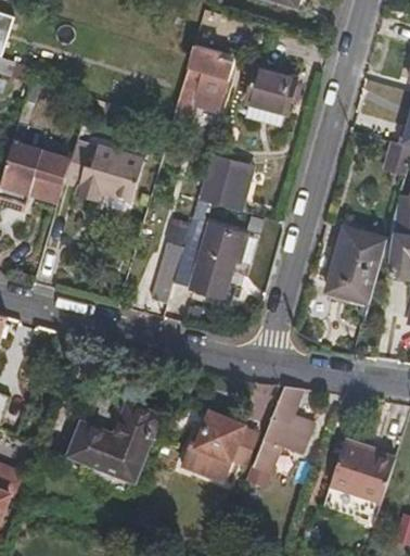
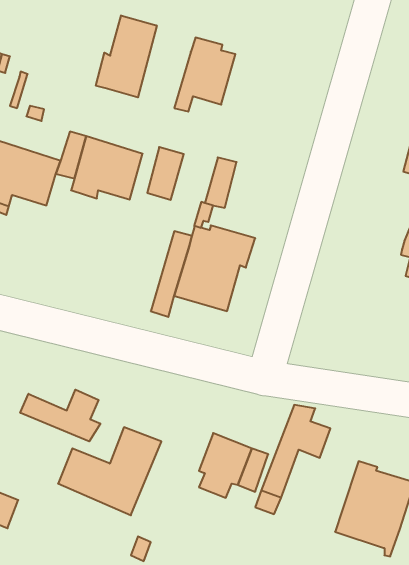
building: none -> [96,15,157,97]
building: [244,65,296,126] -> none
building: [220,162,254,211] -> [147,147,184,200]
building: [324,230,384,304] -> none
building: none -> [20,390,100,441]

